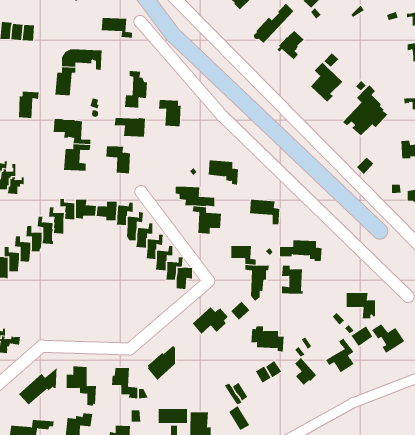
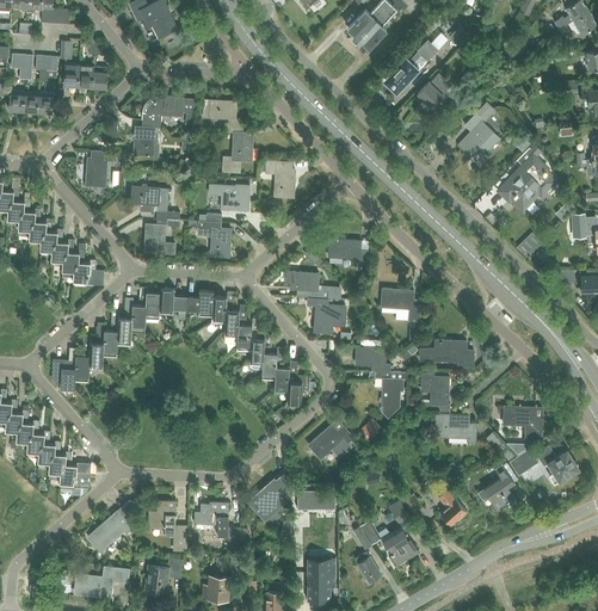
building: [101,17,133,38] -> [203,100,243,126]
building: [251,326,284,352] -> [433,409,476,443]
building: none -> [380,529,417,563]
building: [158,408,188,423] -> [297,490,335,510]

